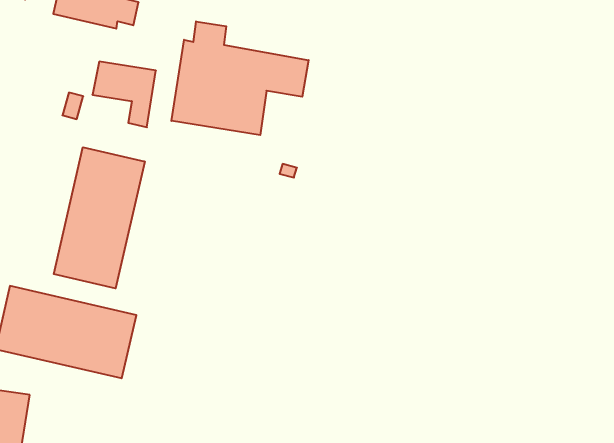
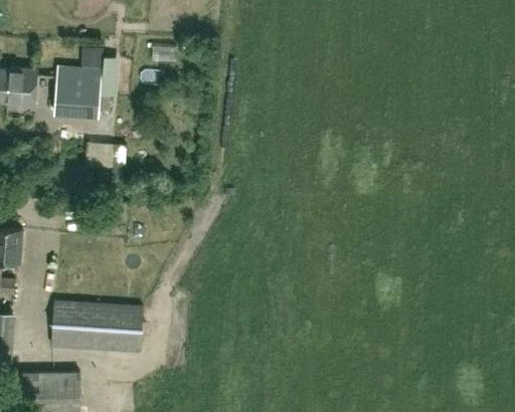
building: [171,21,309,135] -> none
building: [54,147,145,288] -> none

